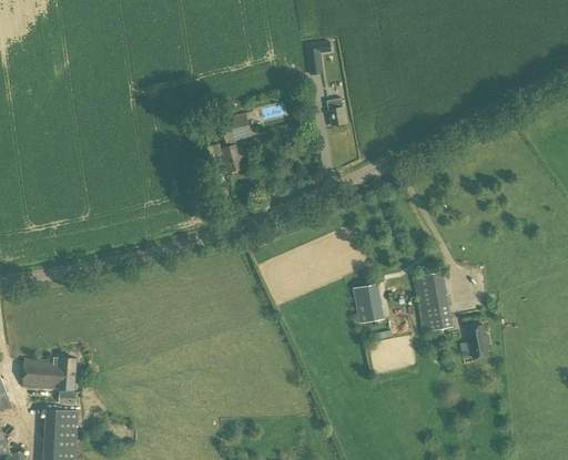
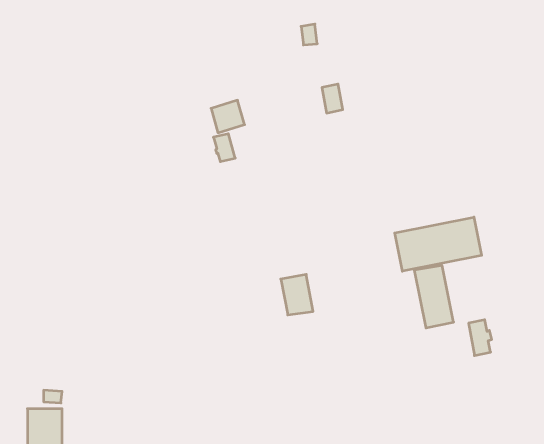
building: none -> [395,217,482,271]
building: [352,284,383,323] -> [281,274,313,315]
building: [21,358,74,390] -> none

